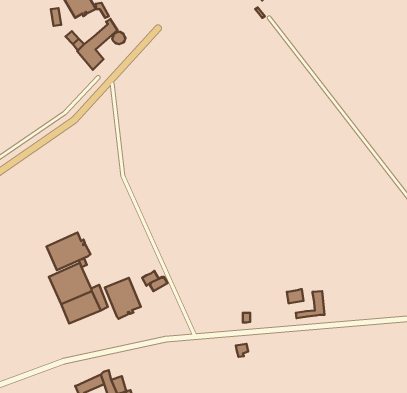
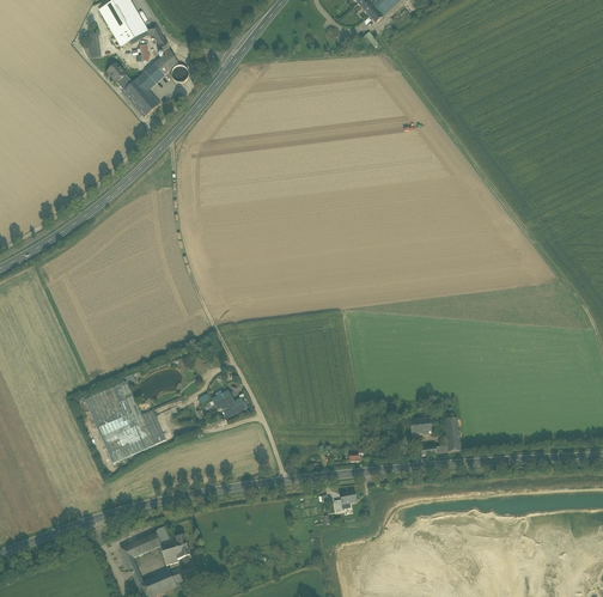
building: [46,232,90,270] -> none
building: [105,278,141,319] -> none

